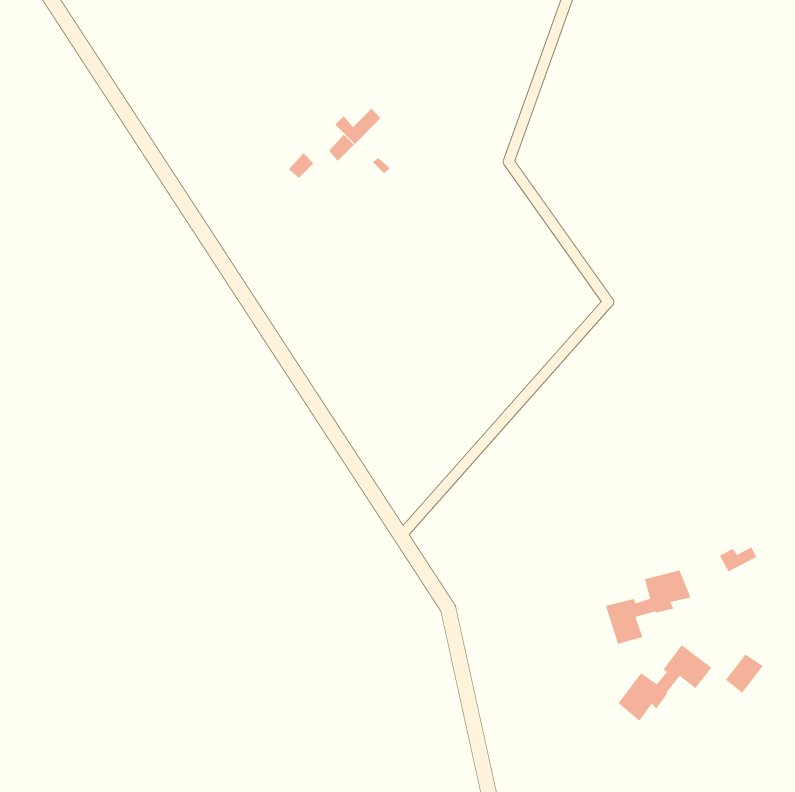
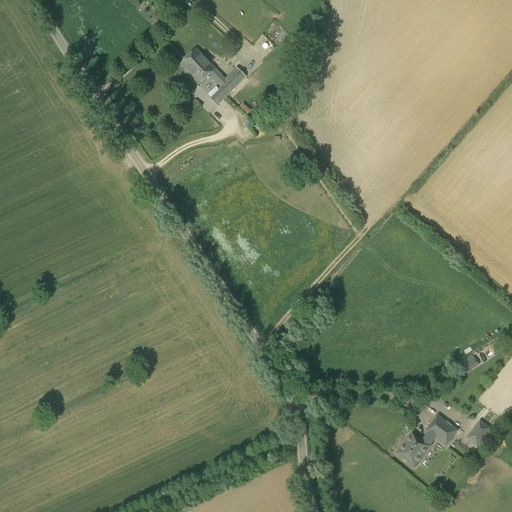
building: none -> [180,48,215,83]
building: [605,569,691,645] -> none

